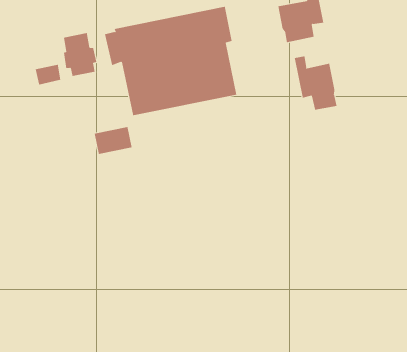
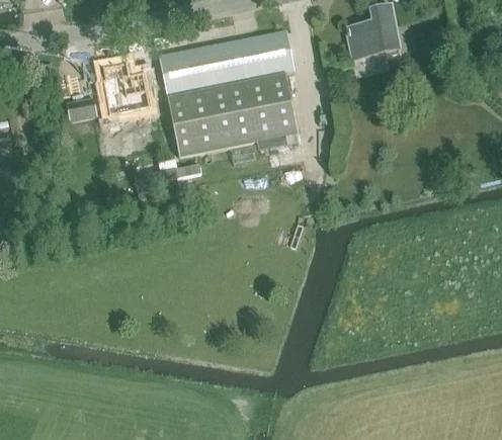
building: [294,55,337,110] -> none

